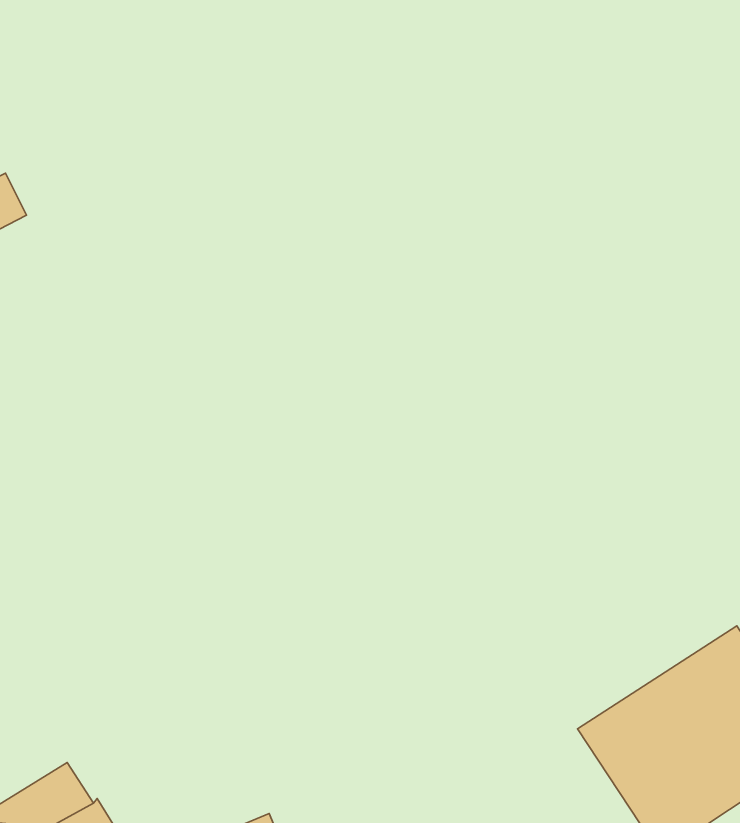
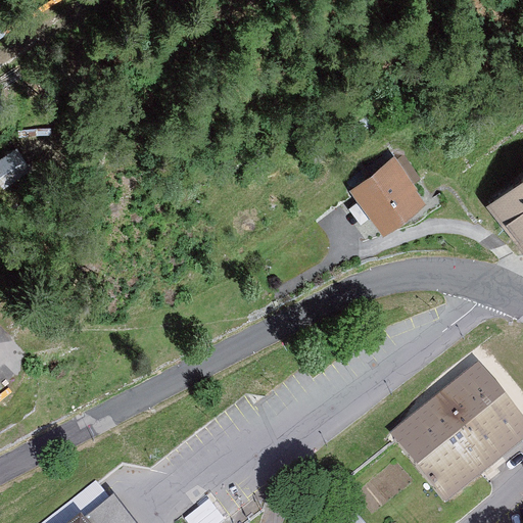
building: none -> [350,151,426,225]

